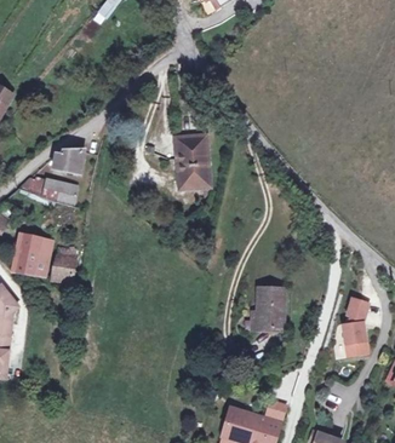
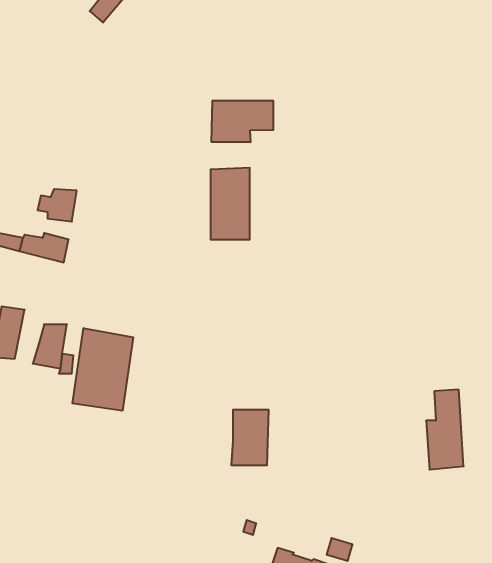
building: none -> [212,101,273,142]
building: none -> [72,328,133,411]
building: [257,289,285,330] -> [231,410,269,465]

